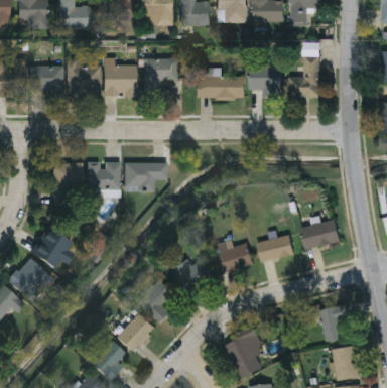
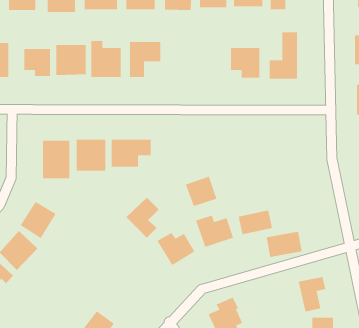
building: [197,78,244,100] -> none
building: none -> [185,176,217,207]
building: [301,221,340,248] -> [266,231,303,257]
building: [137,280,172,324] -> [125,197,159,238]
building: [117,311,154,350] -> none

